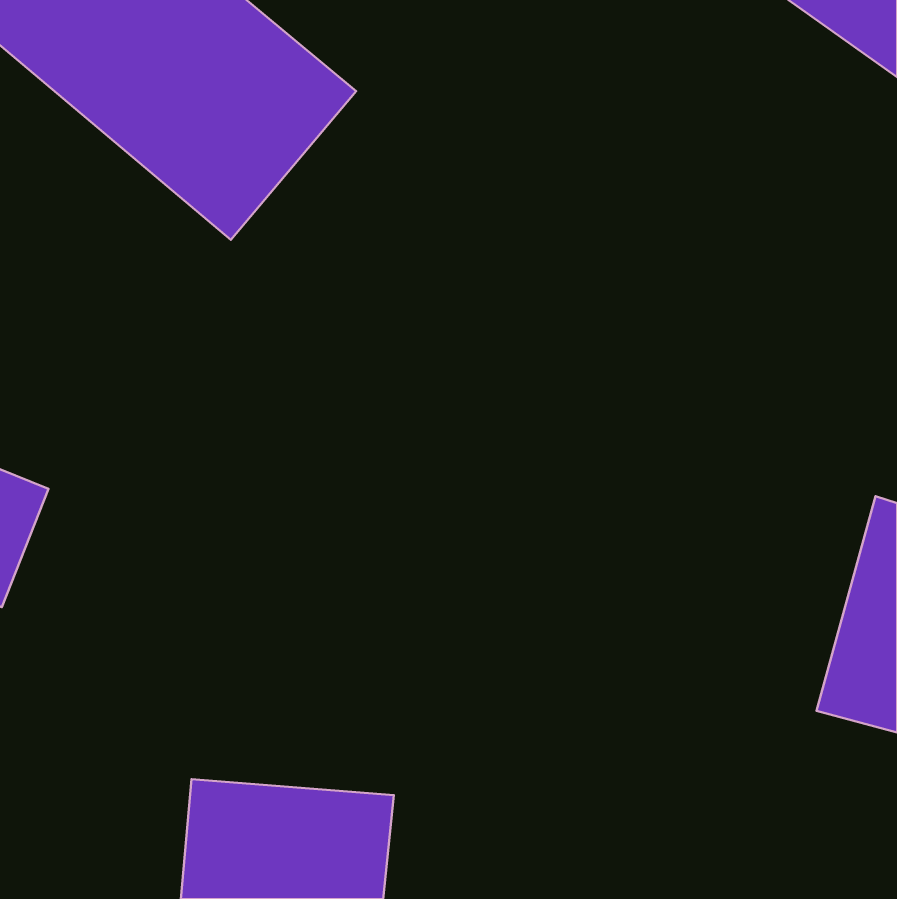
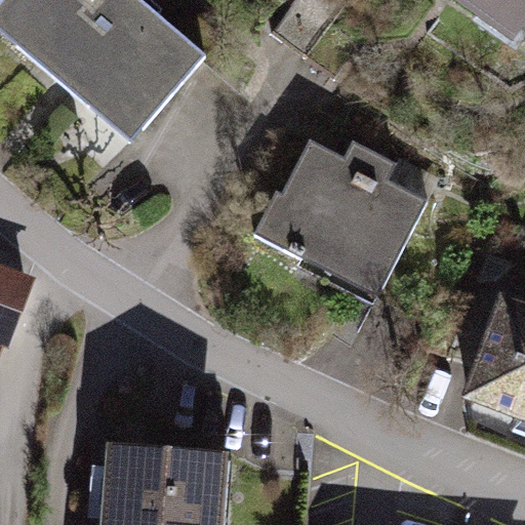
building: none -> [257,138,436,298]

